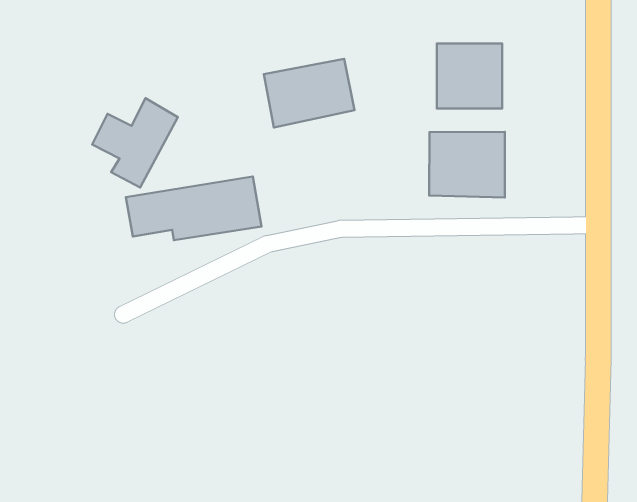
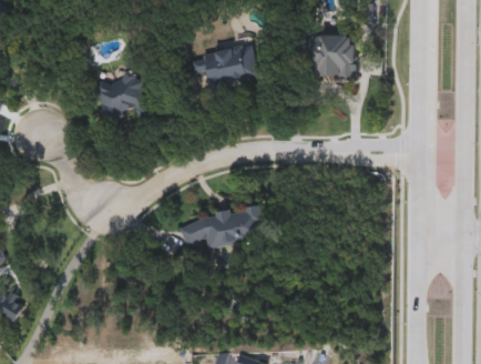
building: [429,132,505,197] -> none
building: [126,177,261,240] -> [177,206,265,247]

